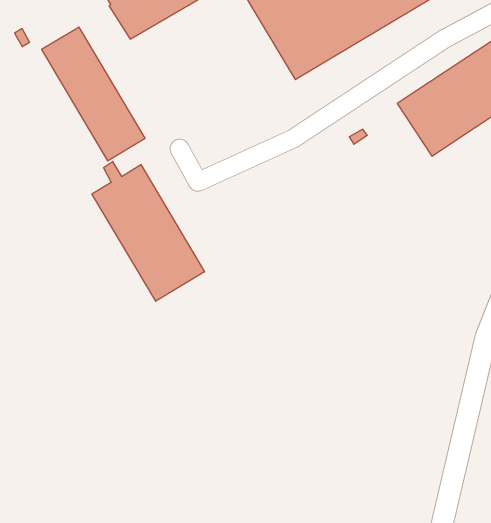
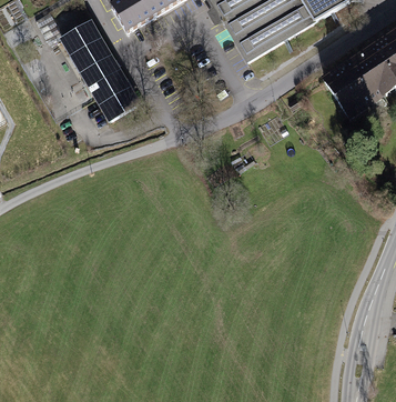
building: [92,161,205,301] -> none

